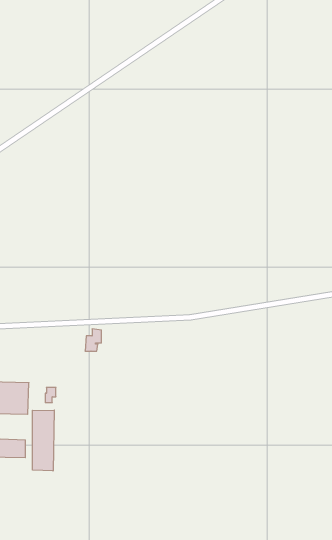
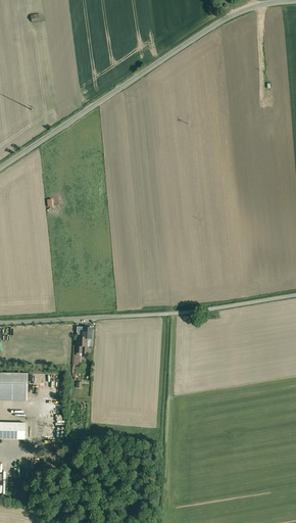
building: [32,410,54,471] -> none

